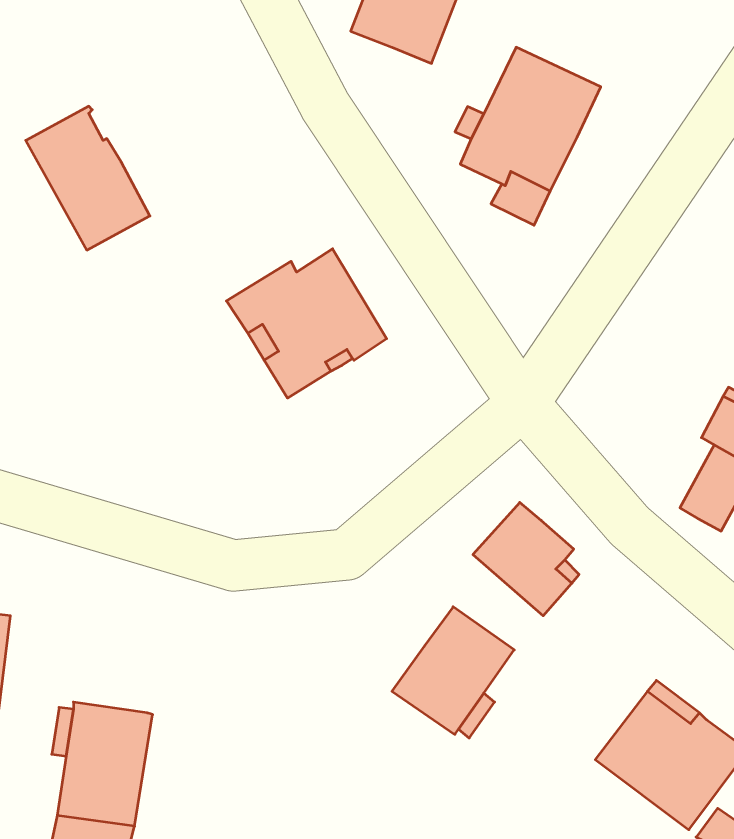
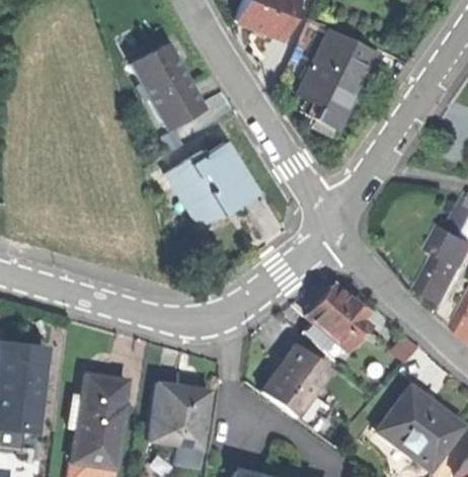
building: [26,106,150,250] -> [133,45,203,126]
building: none -> [81,372,127,403]
building: none -> [149,381,210,465]

